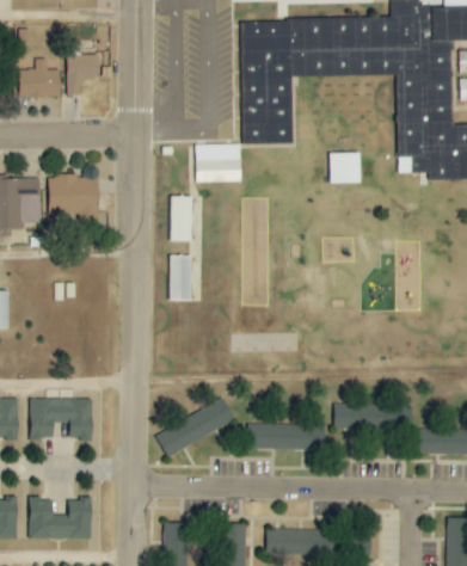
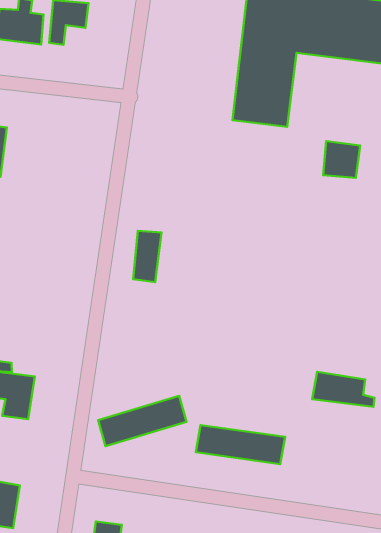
building: [196,144,241,183] -> none
building: [49,176,99,215] -> none
building: [168,196,192,241] -> none
building: [334,402,391,427] -> [312,372,375,407]

